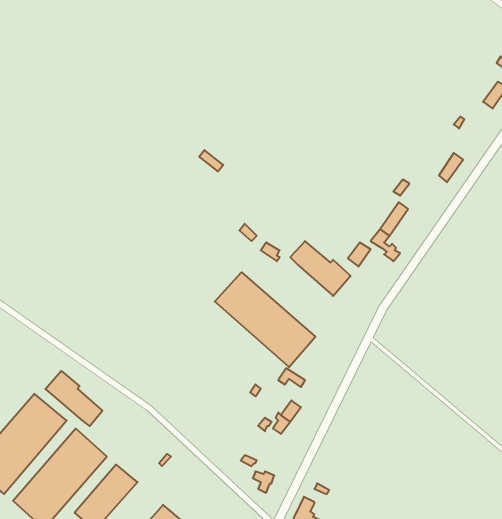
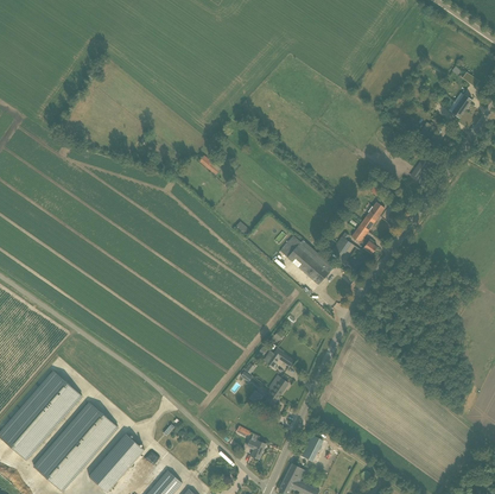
building: [215,272,315,367] -> none
building: [45,371,102,426] -> none

